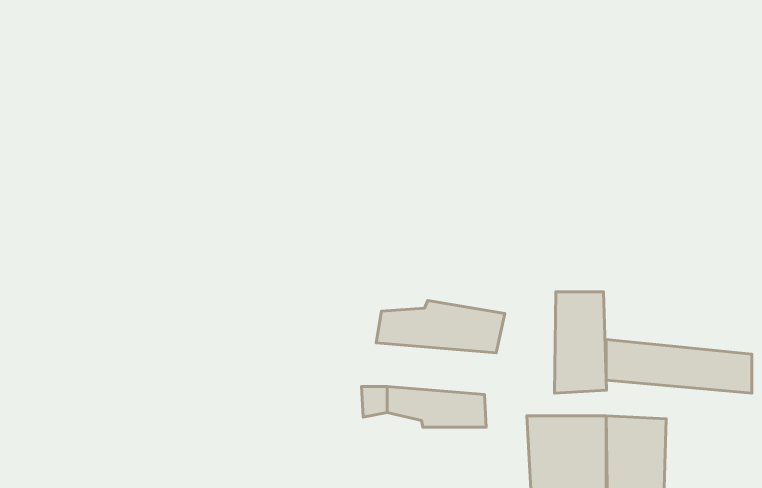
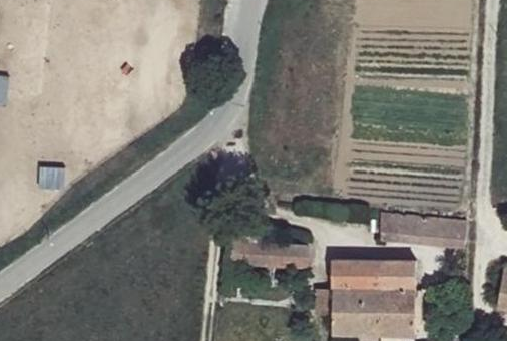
building: [554,292,606,393] -> none
building: [376,300,505,353] -> none

